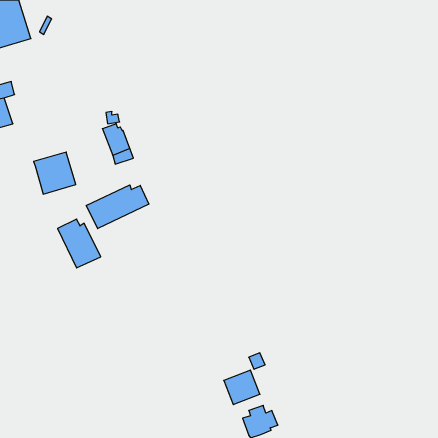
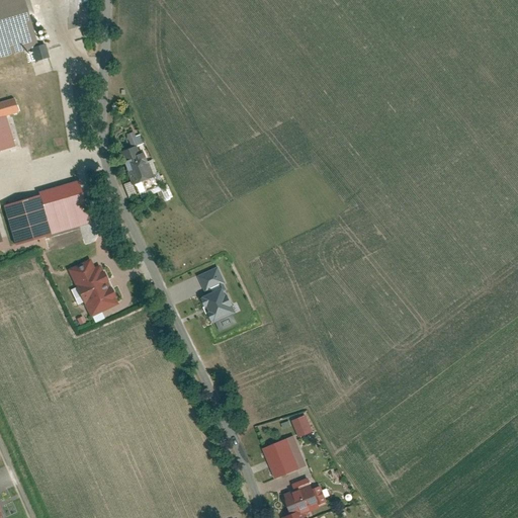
building: none -> [4,196,51,241]
building: [86,185,149,229] -> none
building: none -> [199,270,229,321]

